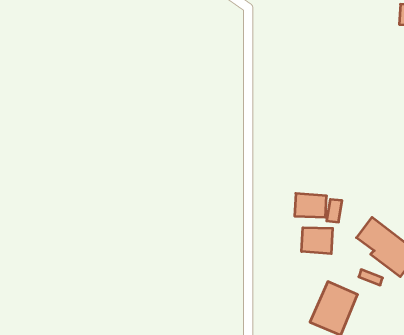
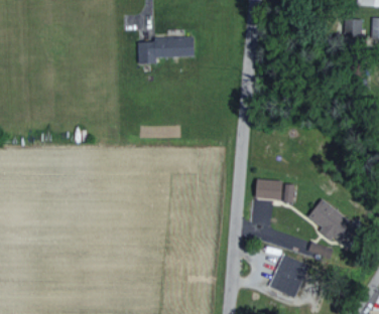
building: none -> [137,36,194,64]
building: [302,228,333,254] -> none

